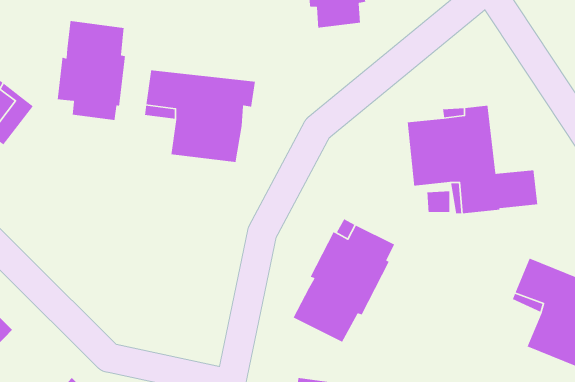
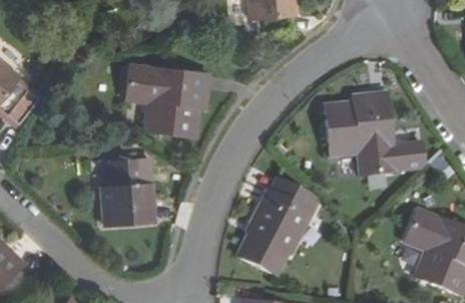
building: [57,20,126,121] -> none
building: none -> [100,159,154,224]

